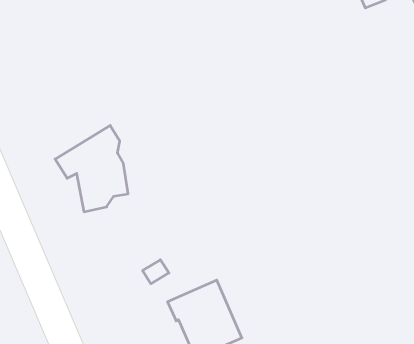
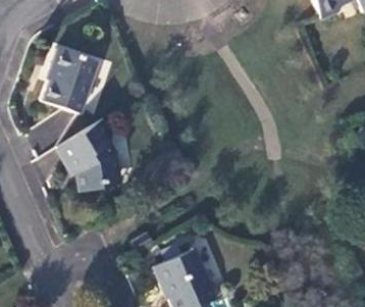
building: none -> [42,48,98,113]

